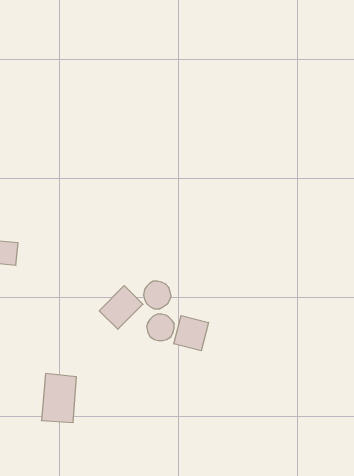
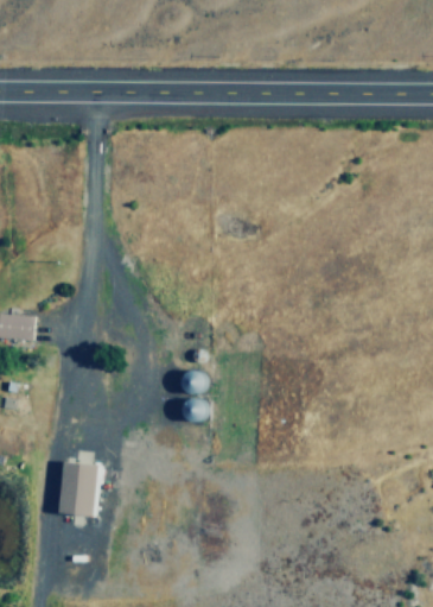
building: [99,286,143,329] -> none
building: [174,316,208,351] -> none

